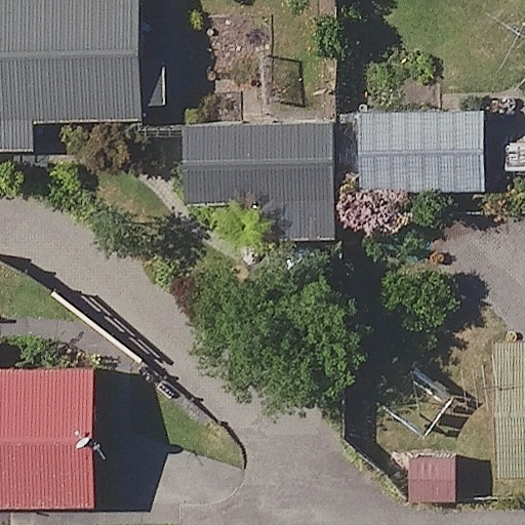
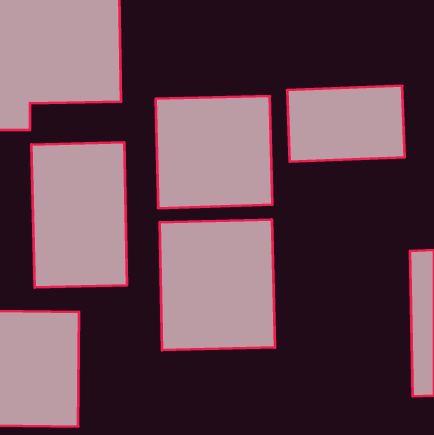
building: none -> [31,142,127,288]
building: none -> [160,219,275,350]

